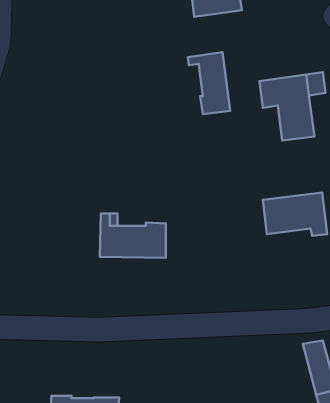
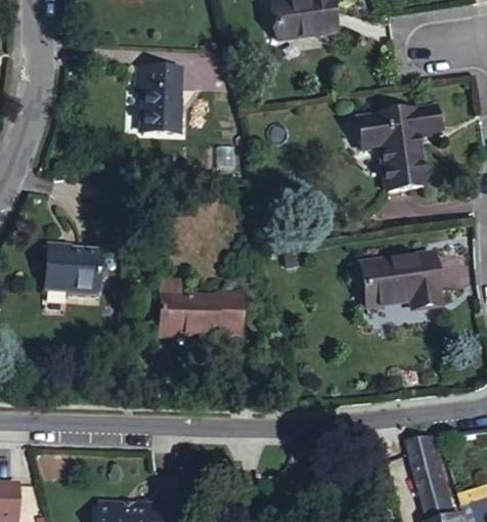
building: none -> [140,67,182,133]
building: [188,52,230,114] -> none
building: none -> [46,247,101,296]

